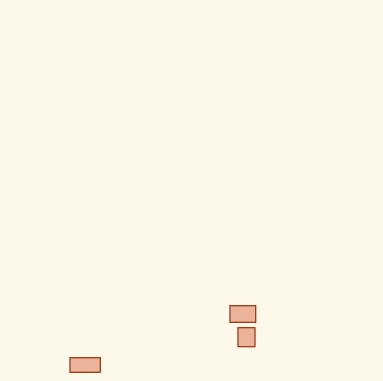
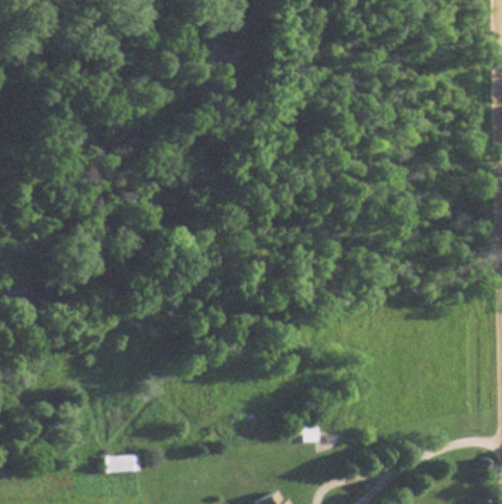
building: [230,305,256,323] -> none

